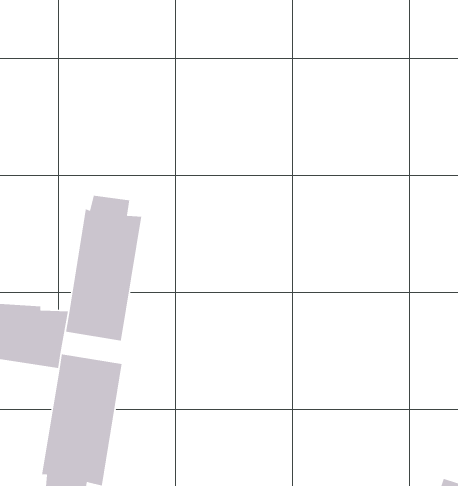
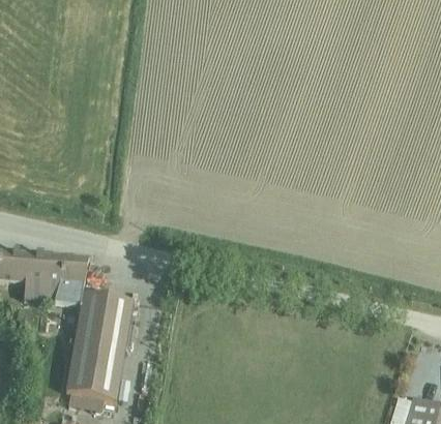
building: [65,195,142,341] -> none

